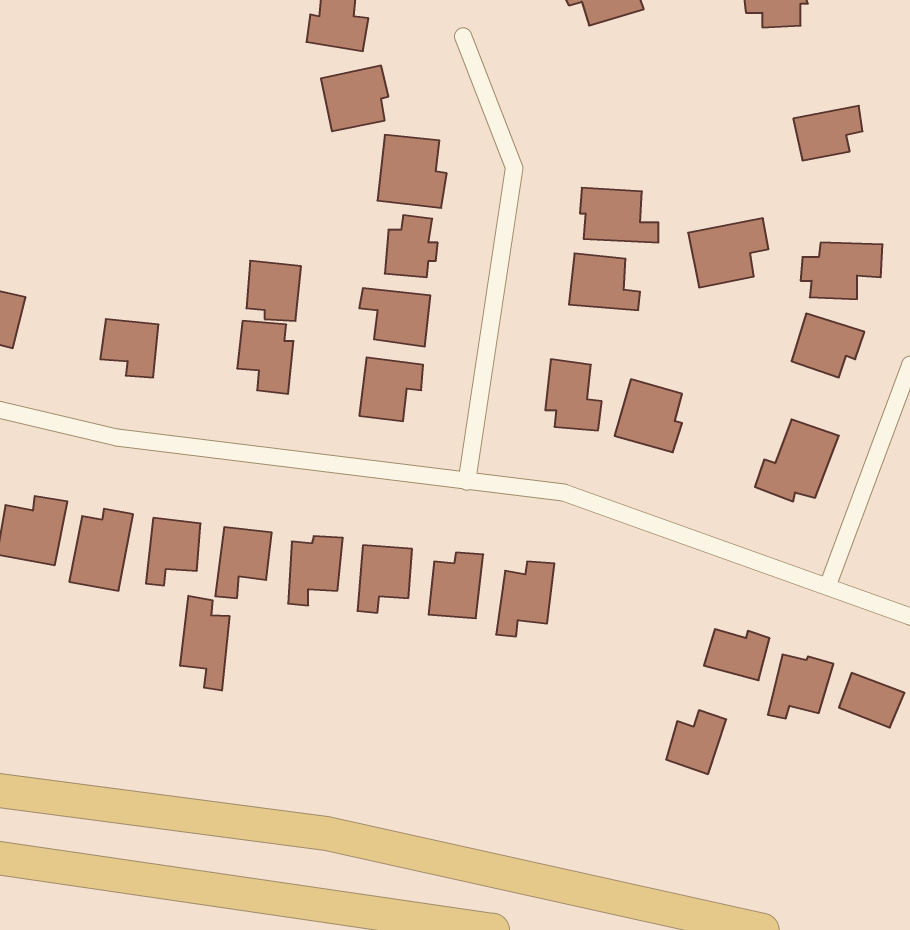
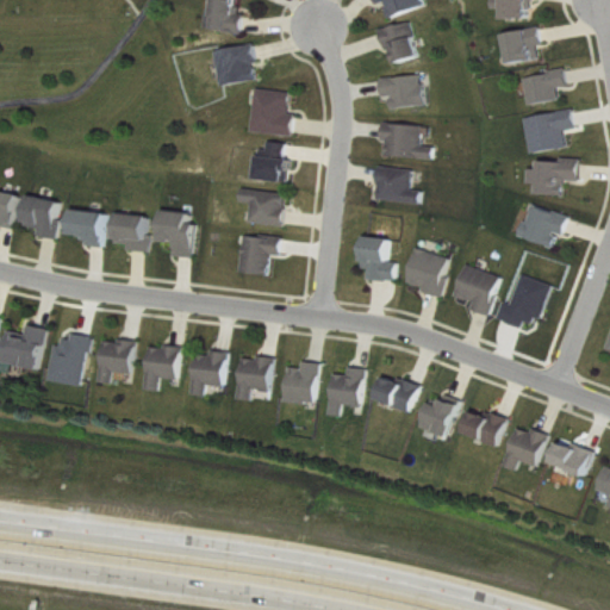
building: none -> [376,21,415,62]
building: none -> [499,26,539,64]
building: none -> [376,74,422,108]
building: [688,218,768,287] -> [519,108,572,154]
building: [246,261,301,321] -> [111,212,147,251]
building: none -> [19,194,60,238]
building: none -> [452,264,498,315]
building: none -> [373,378,416,410]
building: [180,596,229,691] -> none
building: [666,710,726,774] -> [418,394,458,436]

